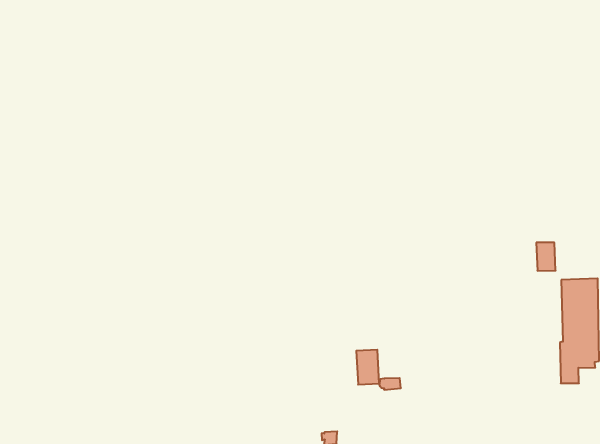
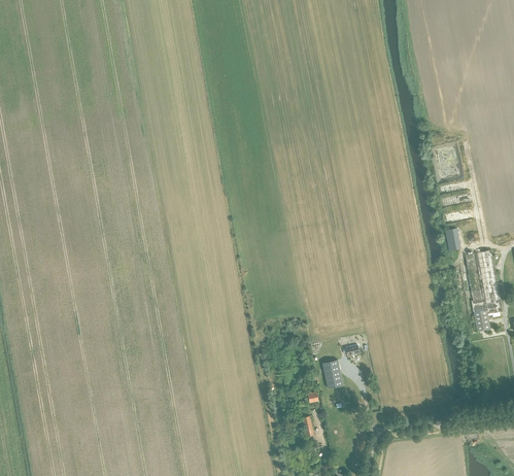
building: [356,350,379,385] -> [323,362,344,389]

